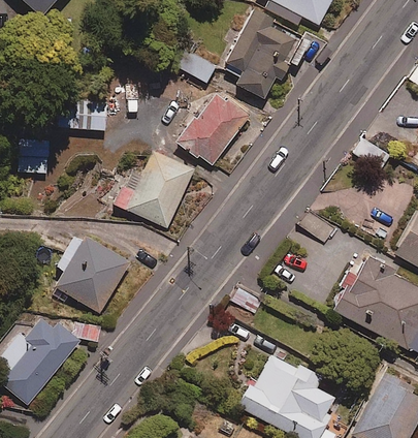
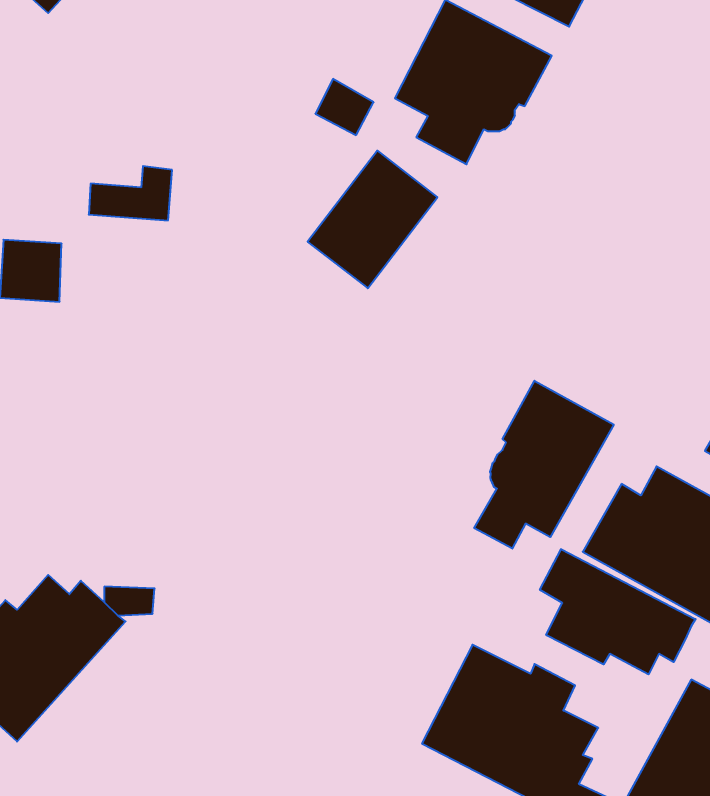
building: [114,152,194,228] -> none
building: none -> [474,381,614,549]
building: [55,237,129,312] -> none
building: none -> [540,549,696,674]

